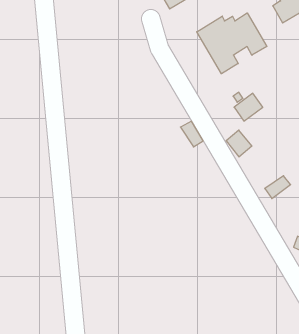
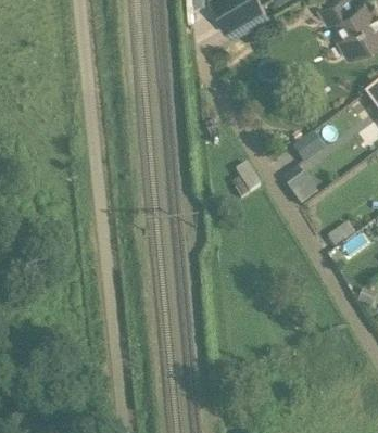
building: [197,13,267,74] -> none

